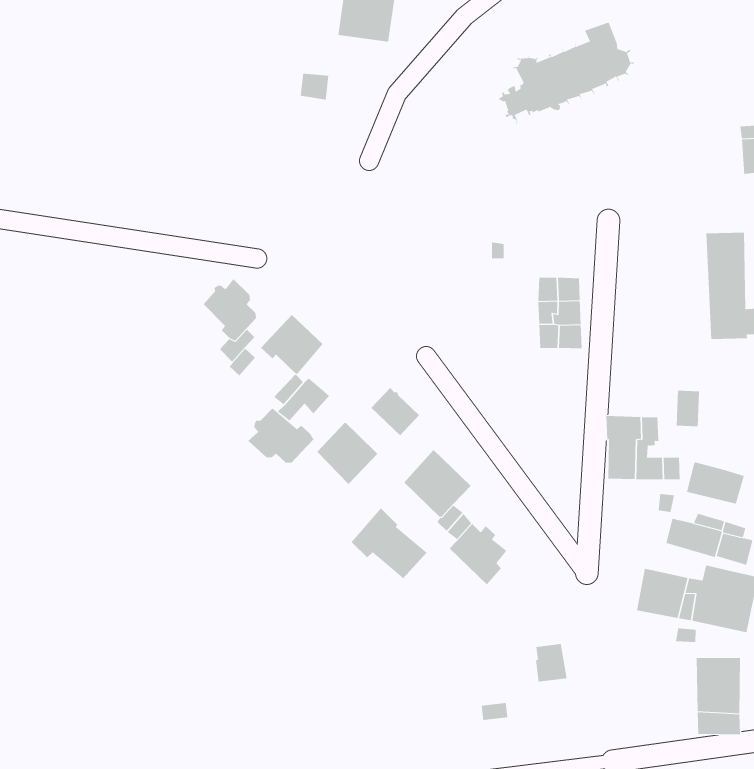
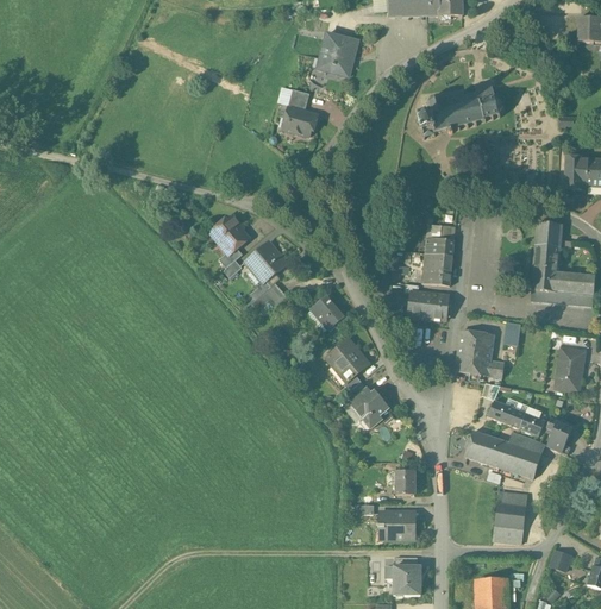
building: none -> [286,107,318,136]
building: none -> [408,291,449,319]
building: [247,407,314,463] -> none
building: [317,422,378,485] -> none
building: [686,461,744,505] -> none
building: [351,507,427,579] -> none
building: none -> [378,510,414,539]

